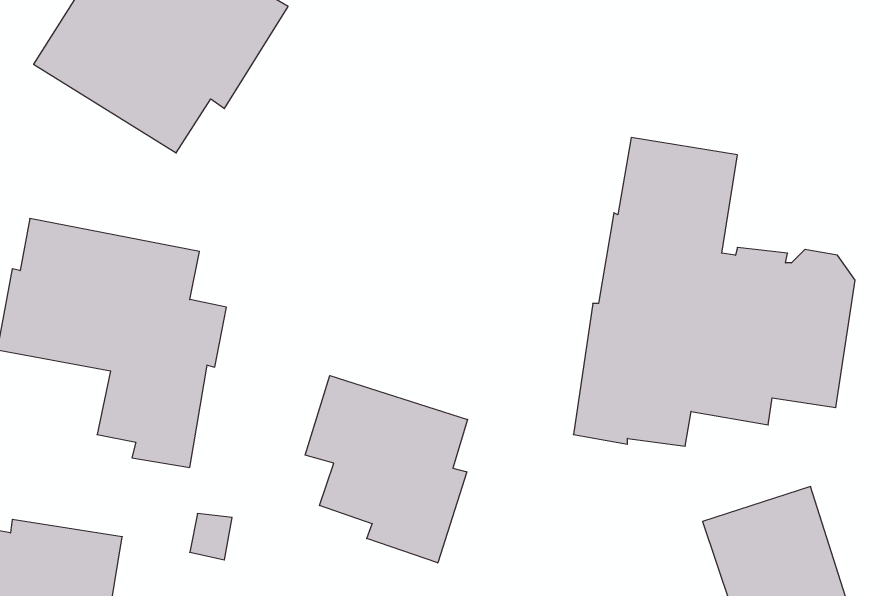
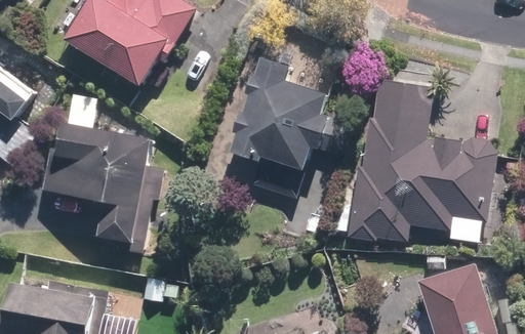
building: none -> [227,57,355,199]
building: [305,376,468,563] -> none

